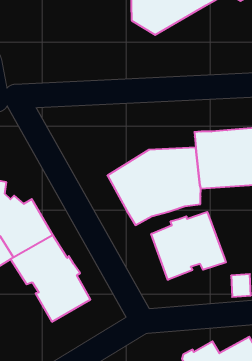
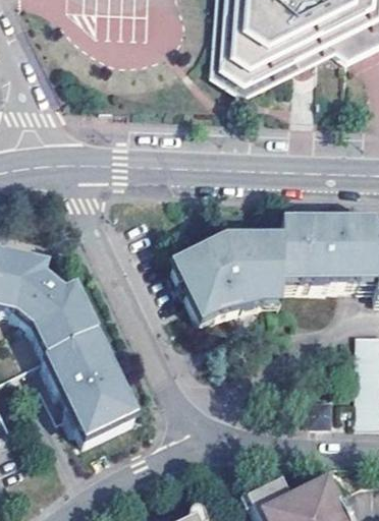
building: [151,212,226,280] -> none

